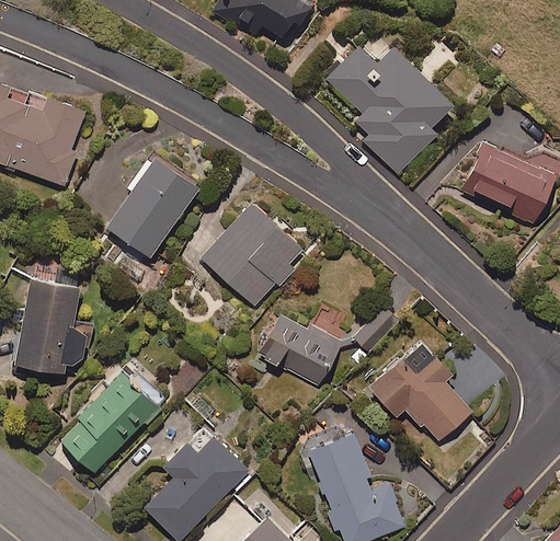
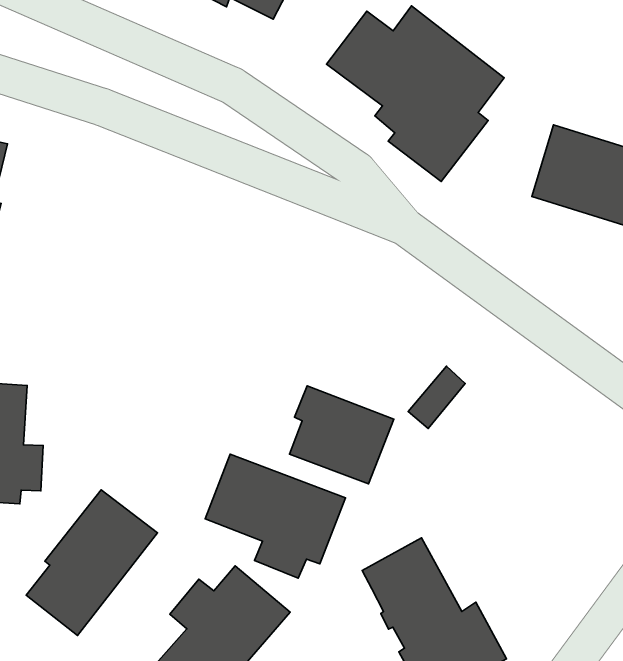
building: [105,154,199,257] -> none
building: [202,204,304,308] -> none
building: [369,339,472,441] -> none
building: none -> [205,454,346,578]

